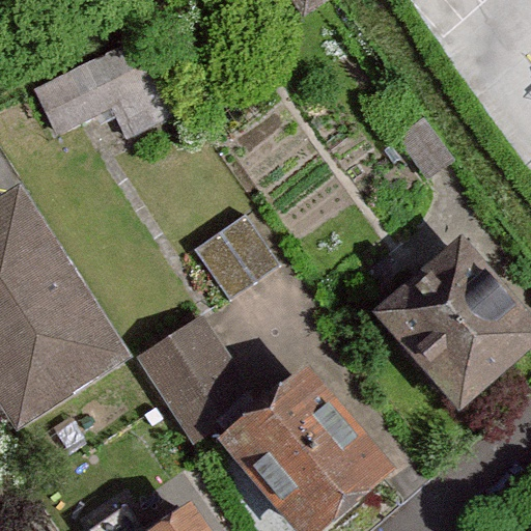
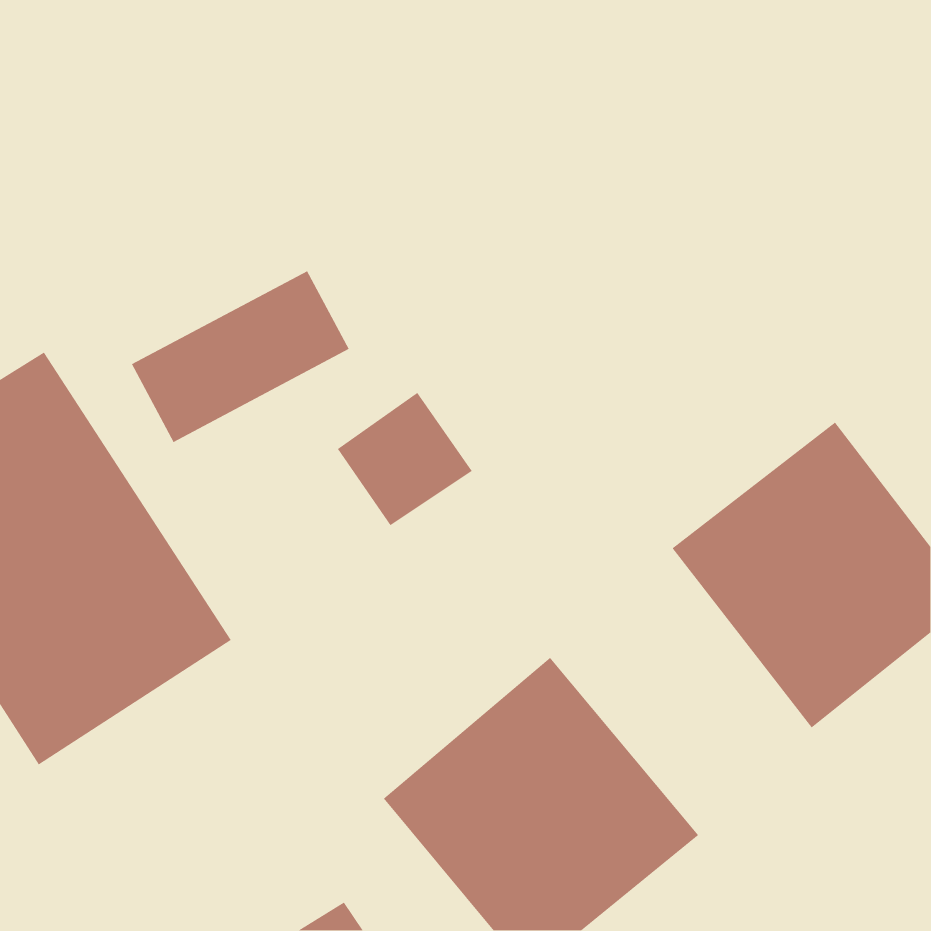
building: [28,38,151,136] -> [131,270,350,443]
building: [132,294,266,430] -> none

